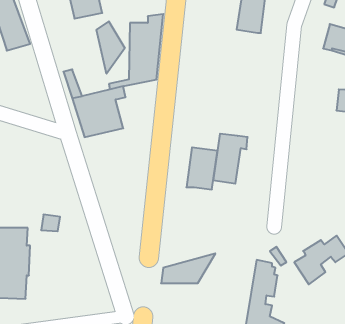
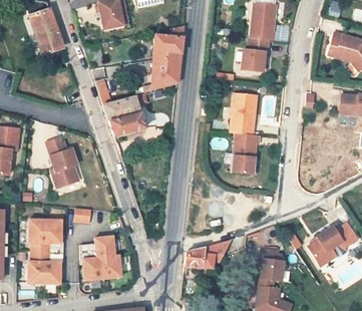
building: [97,21,125,74] -> none
building: none -> [240,37,270,75]
building: none -> [45,135,78,187]
building: [186,147,217,189] -> [229,95,257,133]
building: none -> [79,234,120,278]

